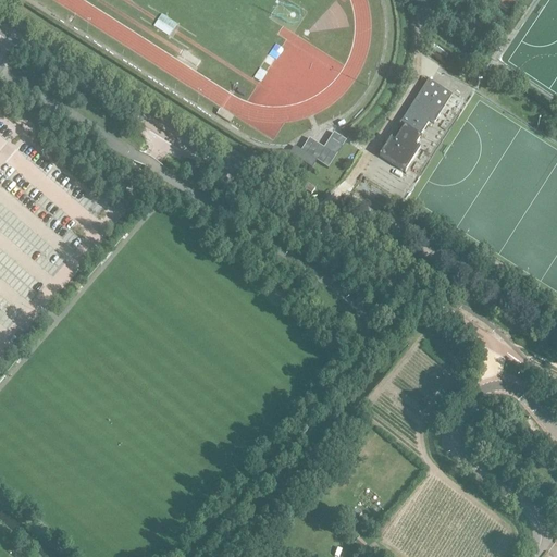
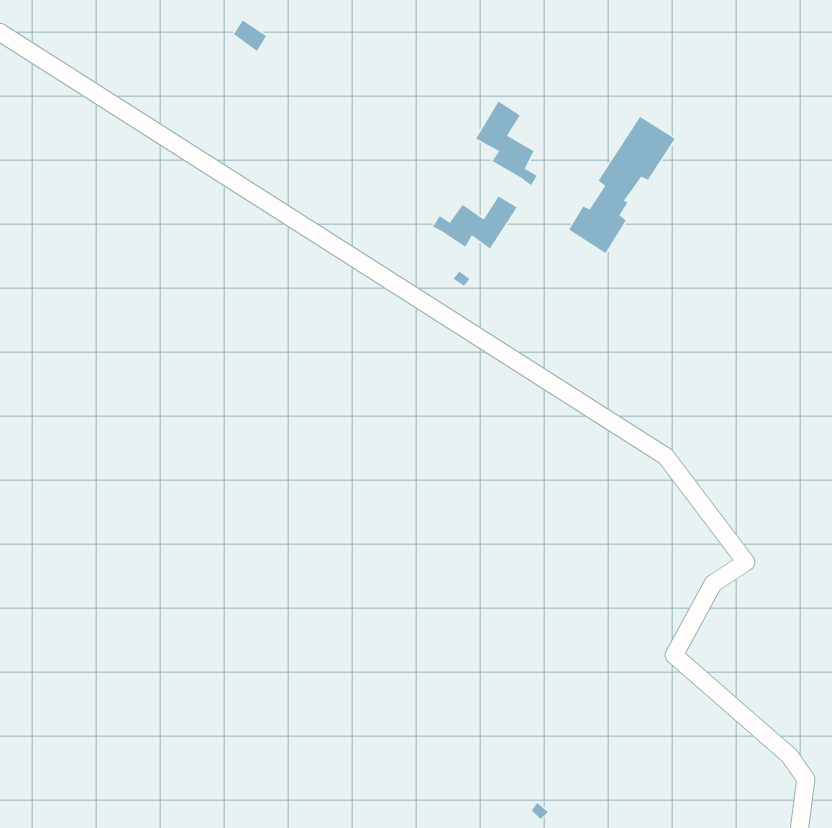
building: none -> [475,100,538,187]

